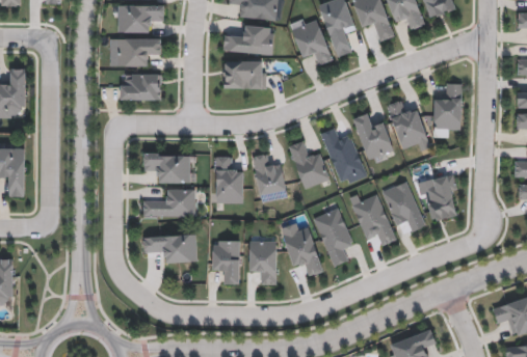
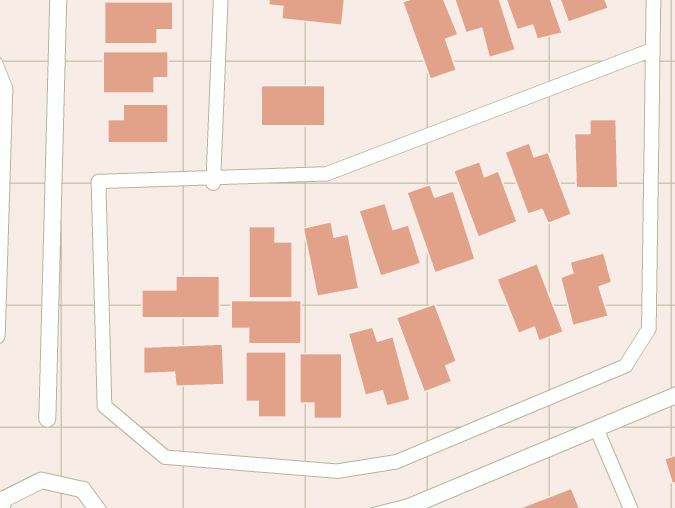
building: [290,13,332,65] -> none
building: [222,25,273,53] -> none
building: [143,153,190,182] -> [231,301,301,344]
building: [349,192,394,246] -> none

